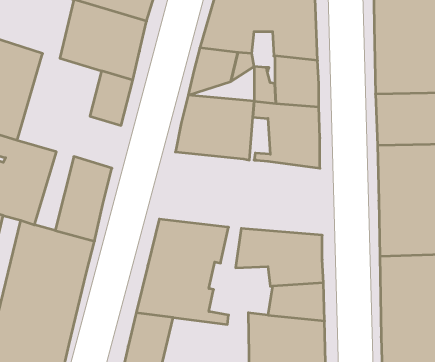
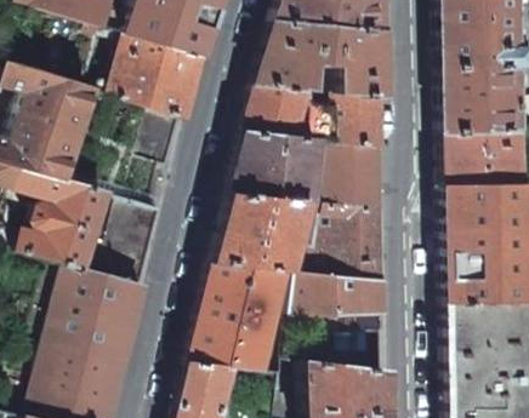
building: none -> [216,191,305,270]
building: none -> [302,201,387,279]

